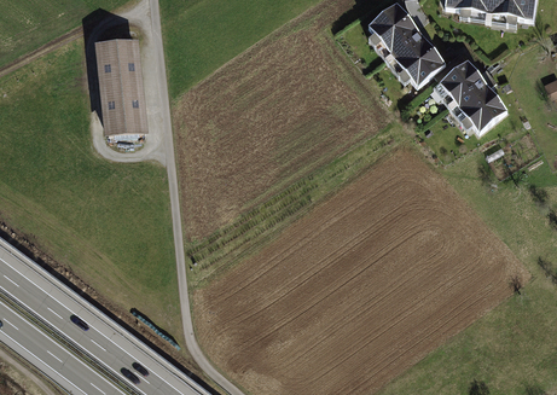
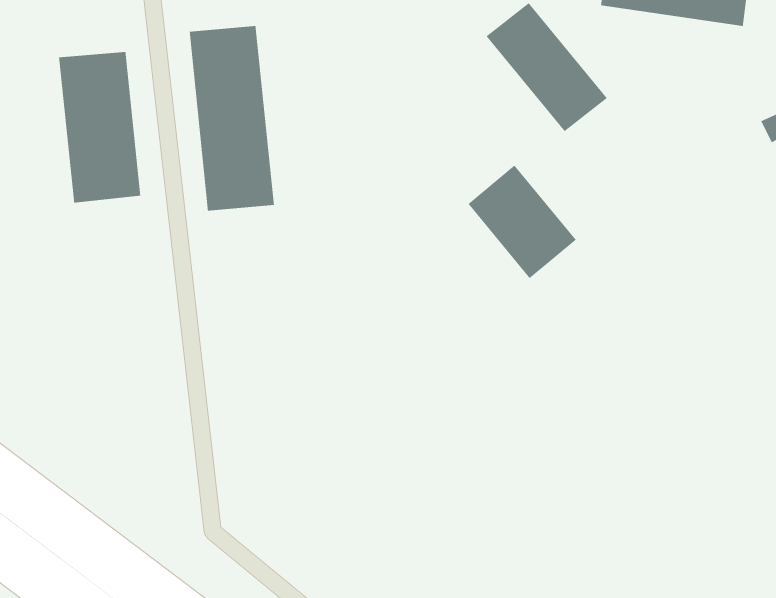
building: none -> [189,25,275,211]
building: [439,62,509,135] -> [468,164,577,279]

